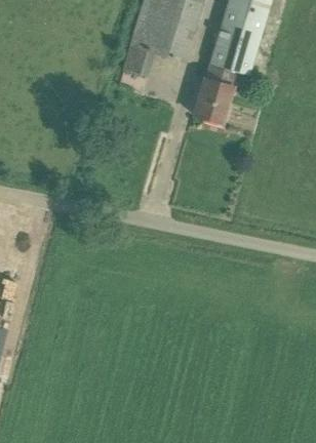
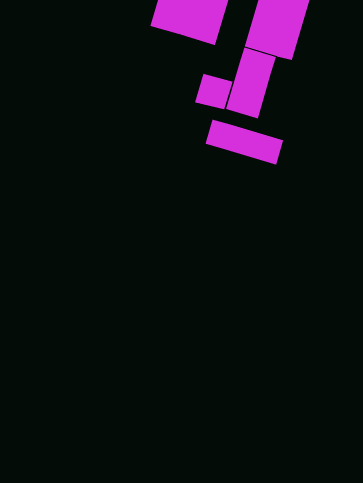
building: [122,46,155,77] -> [194,73,233,110]
building: none -> [205,119,284,165]

